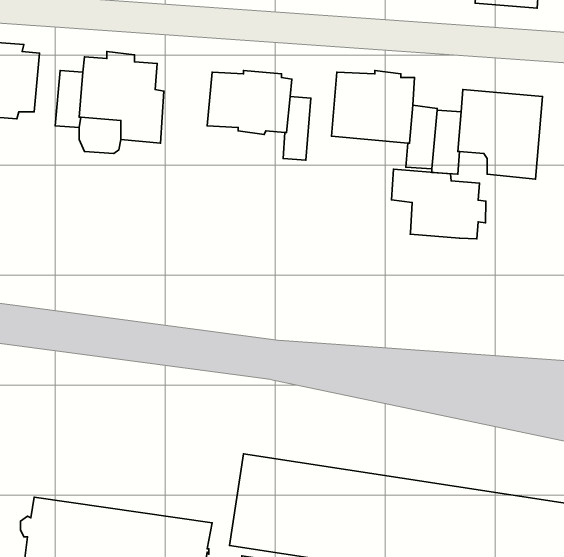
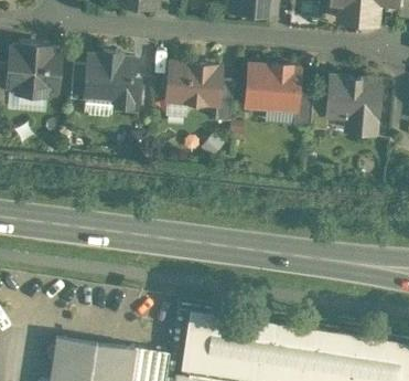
building: [392,169,486,239] -> none

